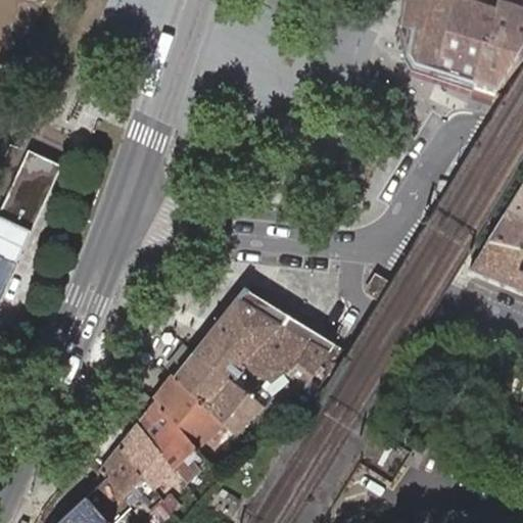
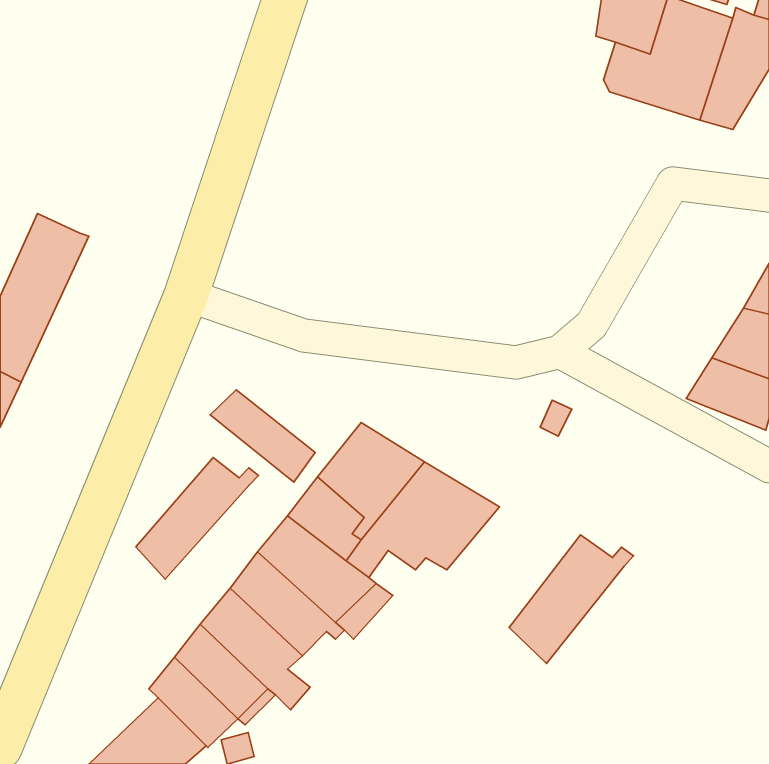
building: none -> [210,390,315,482]
building: none -> [136,458,258,579]
building: none -> [509,535,633,663]

